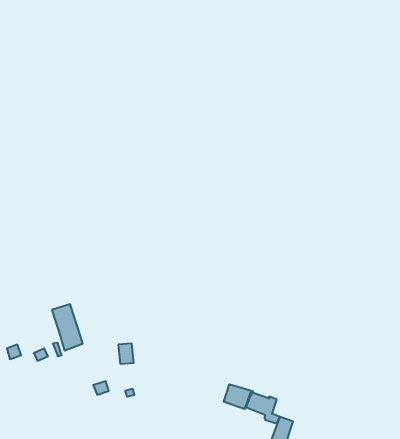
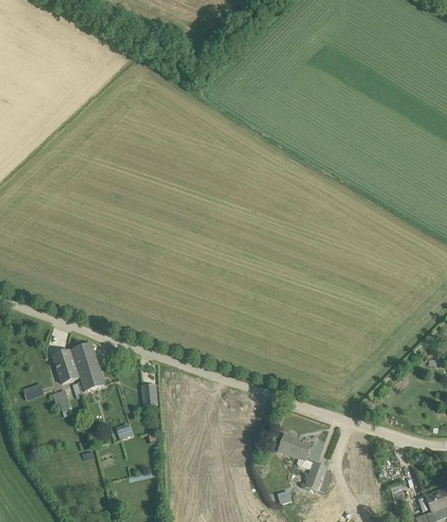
building: none -> [53,349,79,382]
building: [224,384,251,409] -> none

